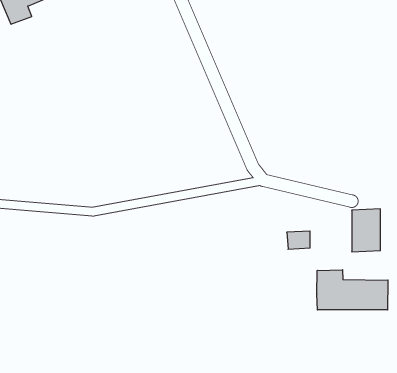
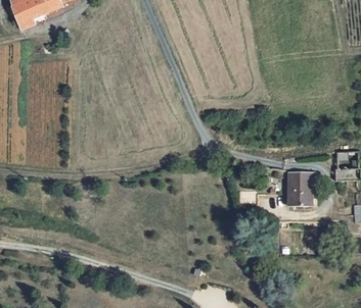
building: [317,270,388,310] -> none

